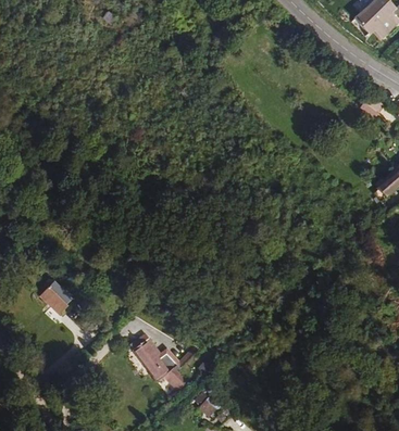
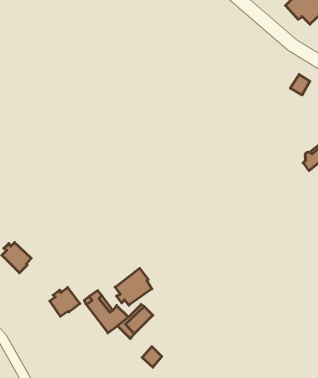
building: none -> [115,268,152,305]
building: none -> [50,287,80,316]

